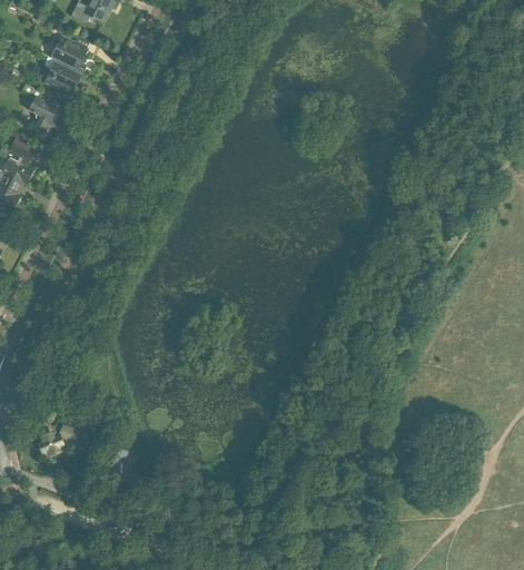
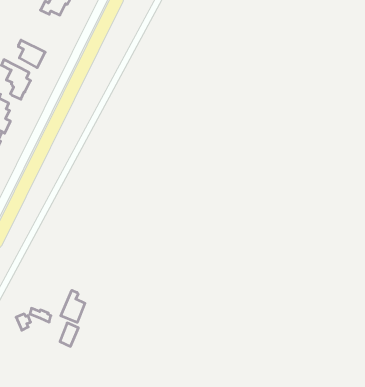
building: [42,37,88,73] -> none
building: none -> [61,290,85,322]

